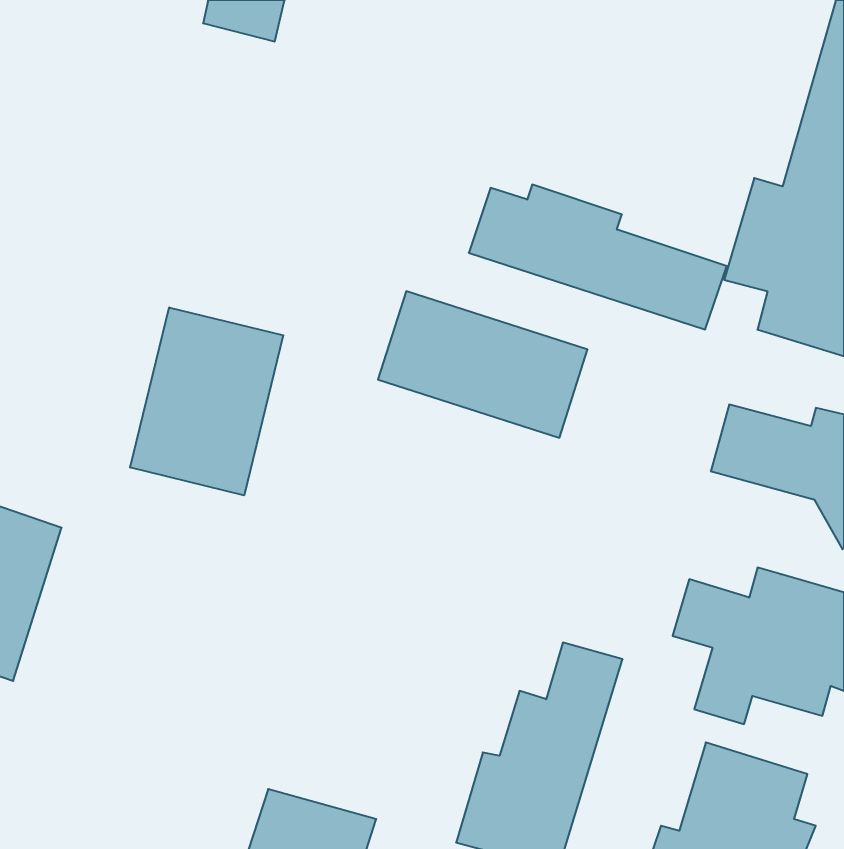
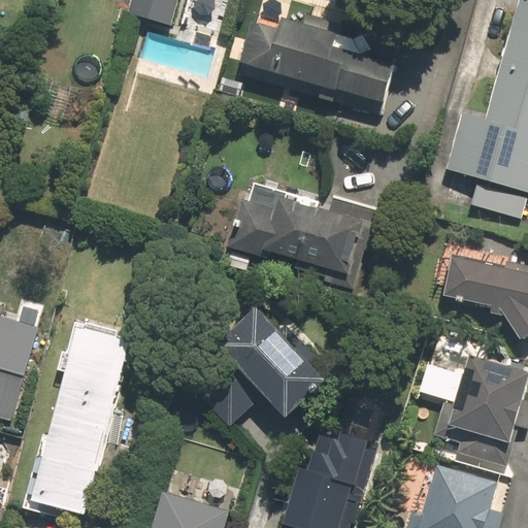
building: [469,185,727,329] -> [242,21,402,110]
building: [130,307,283,495] -> none
building: none -> [211,307,328,426]
building: none -> [32,324,139,516]

